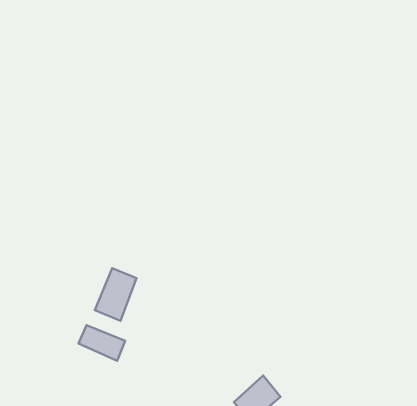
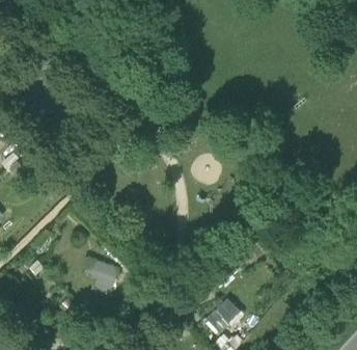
building: [95,268,137,321] -> none

